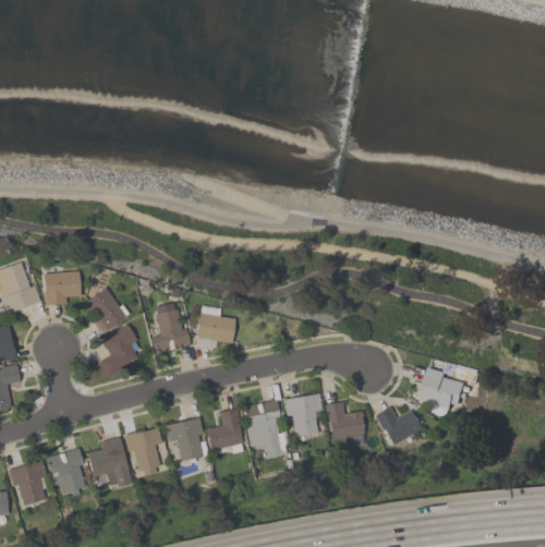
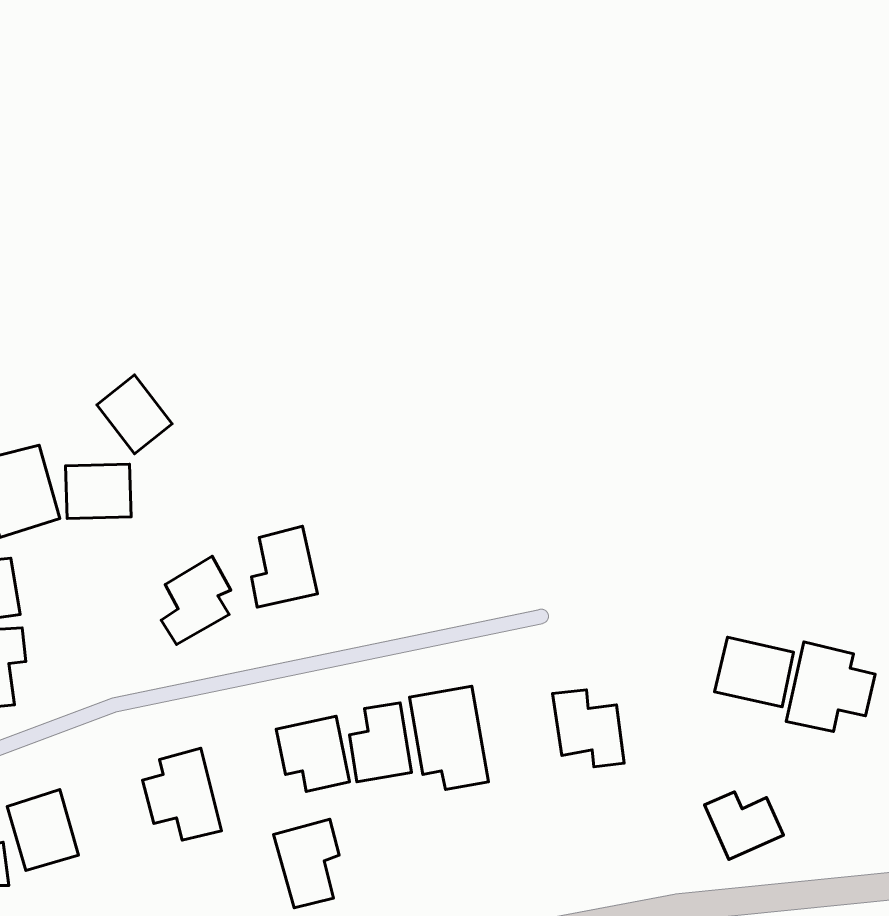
building: [84,287,128,332] -> [97,375,172,454]
building: [196,306,235,344] -> none
building: none -> [786,642,875,732]
building: [286,394,322,437] -> none
building: [375,406,421,446] -> [704,792,783,859]
building: [124,426,162,477] -> [273,819,339,908]
building: [46,449,88,494] -> none

